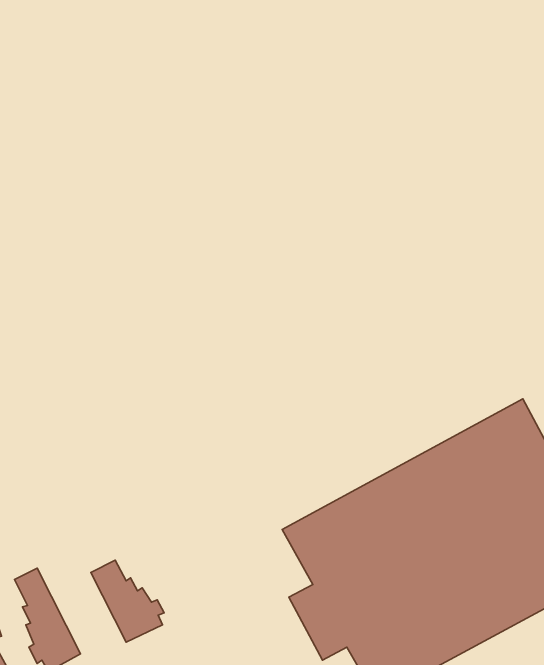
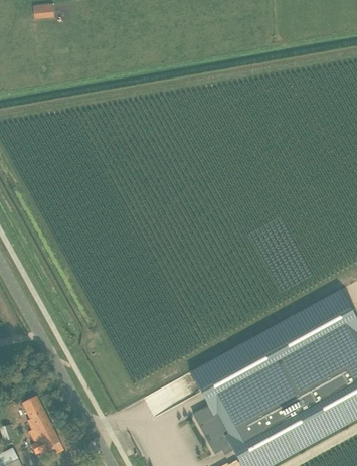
building: [91,560,164,642] -> none

